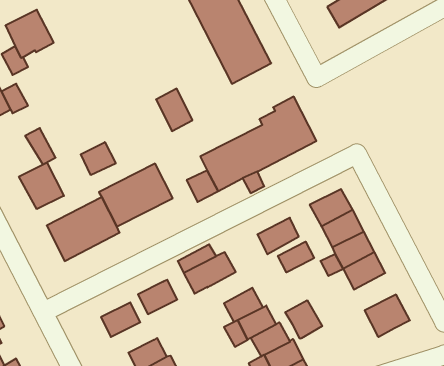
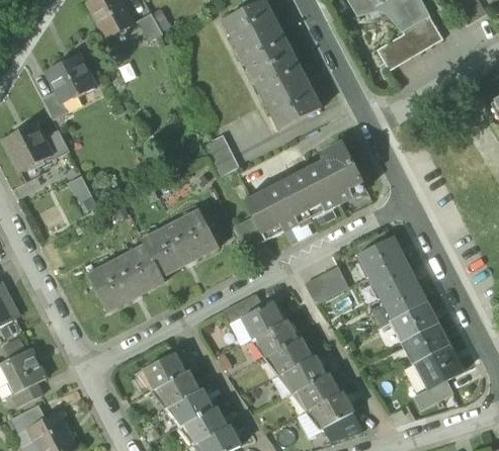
building: [81,142,116,175] -> none
building: [19,163,64,209] -> none
building: [278,242,314,272] -> none
building: none -> [256,321,297,356]
building: none -> [404,323,447,361]
building: [138,280,177,314] -> [158,371,198,407]
building: [285,300,322,339] -> none
building: none -> [412,379,453,411]

